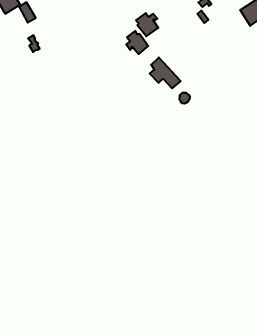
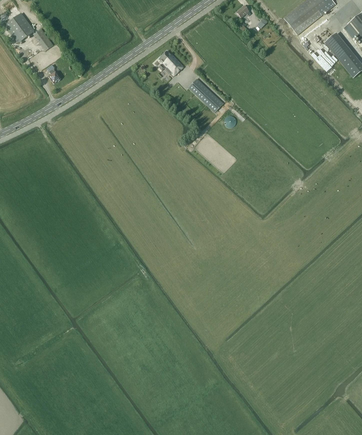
building: [136,13,158,36] -> none

